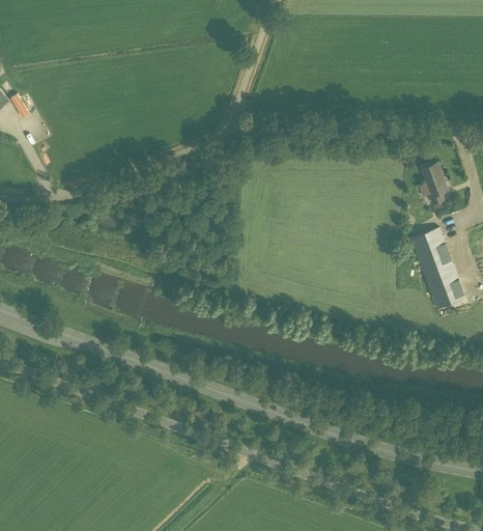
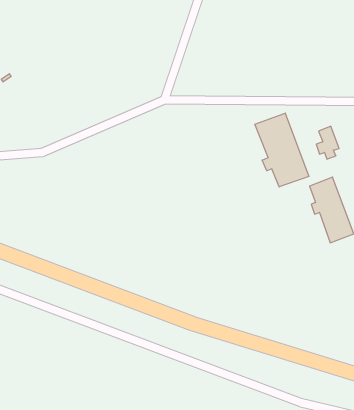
building: none -> [255,113,309,187]

